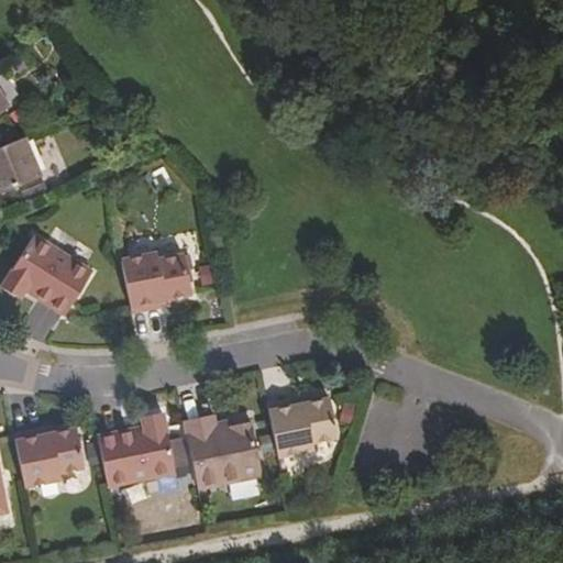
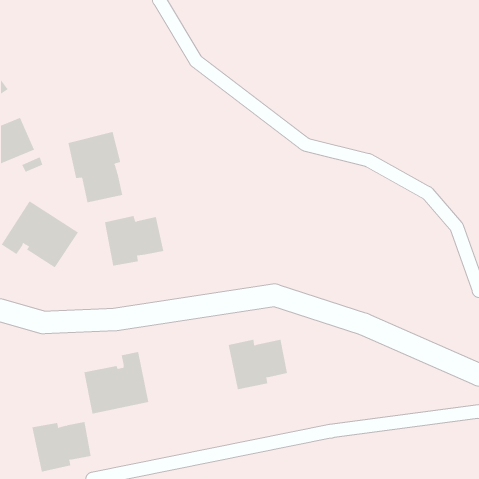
building: none -> [68,131,123,203]
building: [185,416,262,488] -> none
building: [14,428,85,487] -> [32,422,92,472]

